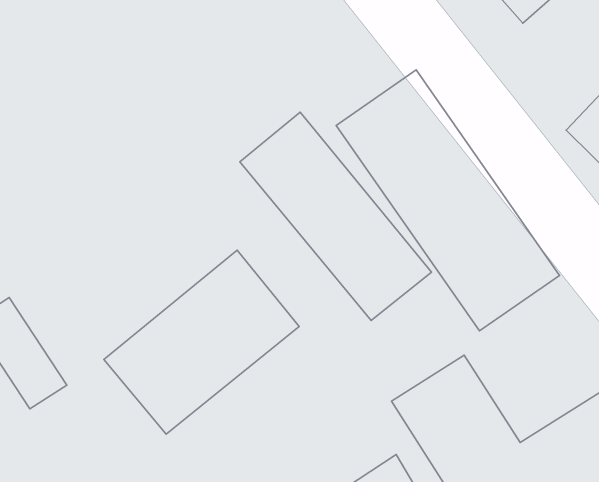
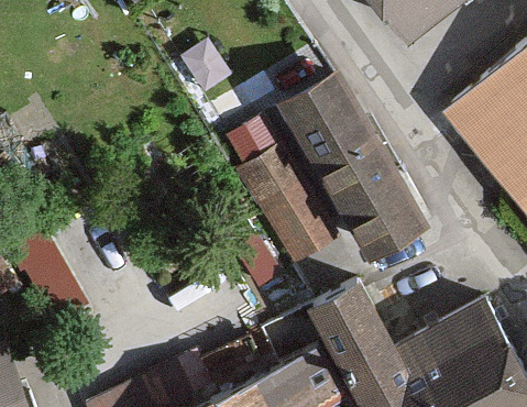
building: [104,250,299,434] -> none

